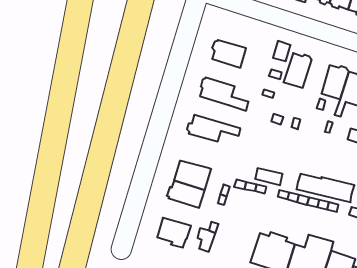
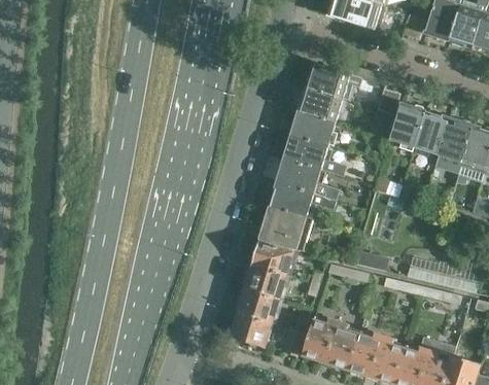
building: none -> [306,64,362,98]
building: none -> [415,110,449,155]
building: none -> [290,111,336,146]
building: none -> [277,159,339,200]
building: none -> [259,206,313,251]
building: none -> [235,288,283,324]
building: none -> [303,317,360,370]

